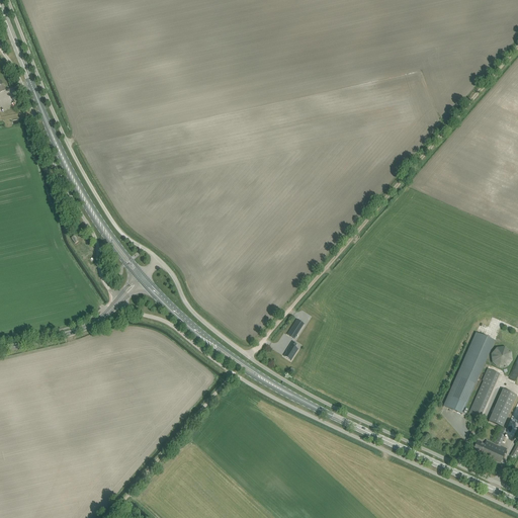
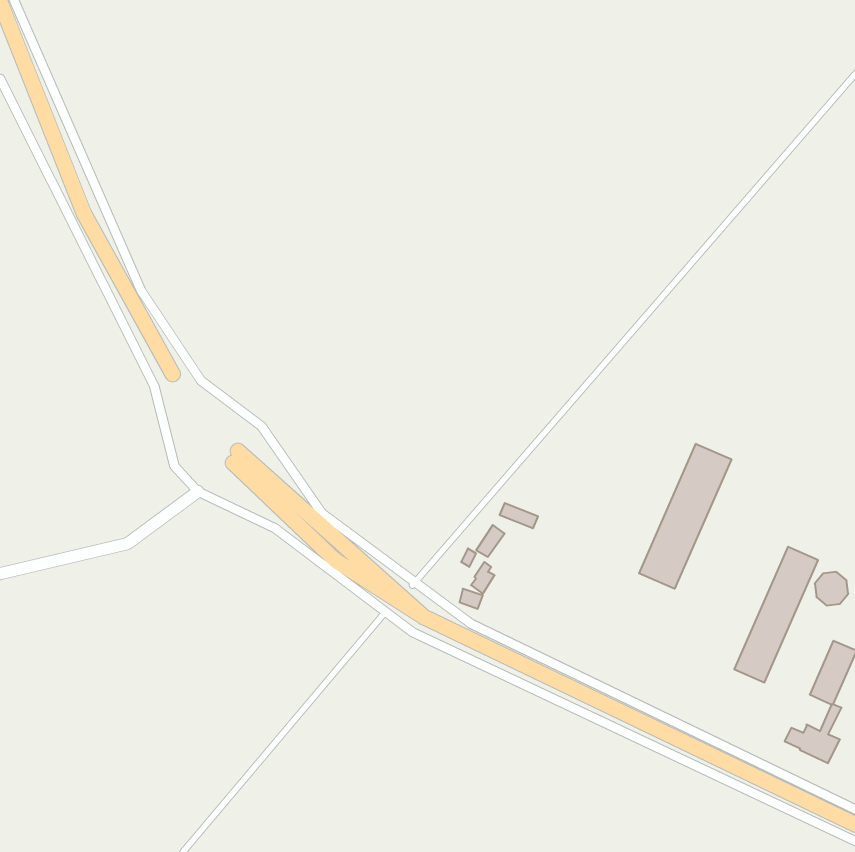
building: none -> [639,444,731,589]
building: [469,366,501,416] -> none

